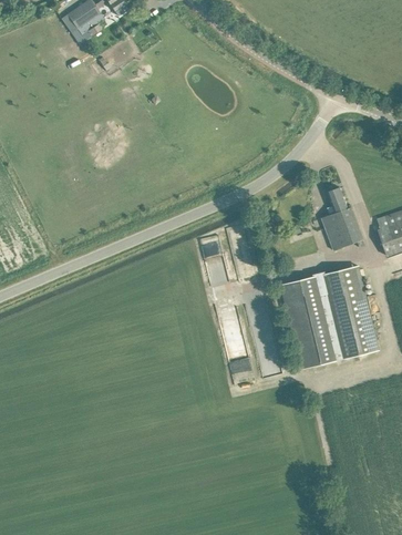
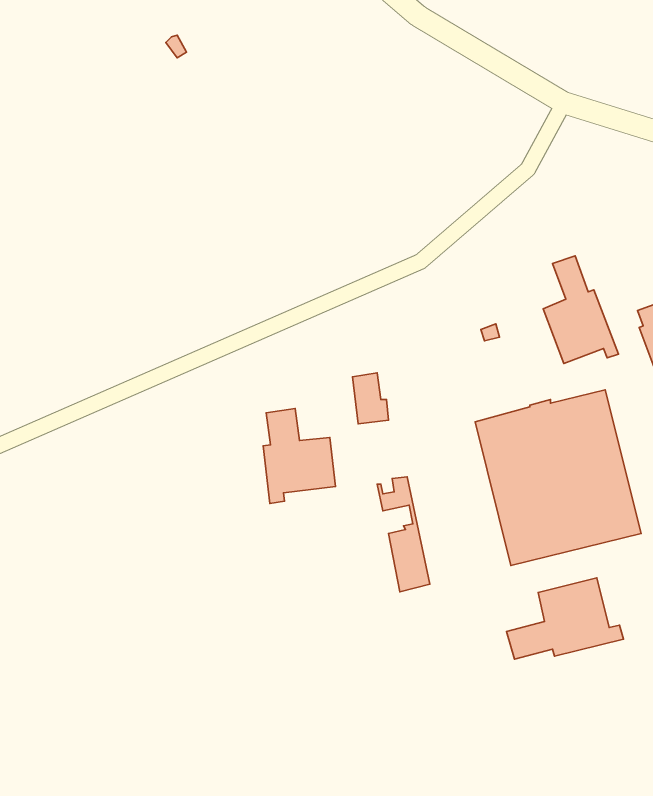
building: none -> [263,408,336,503]
building: none -> [506,578,623,659]

